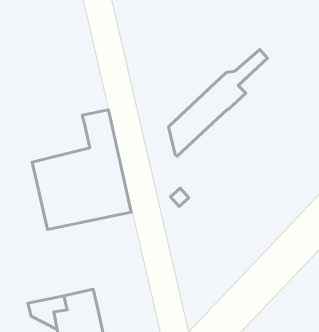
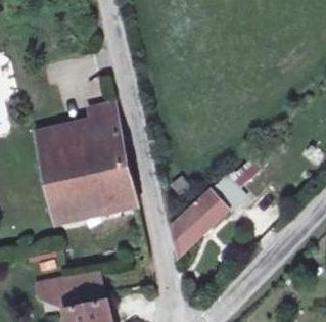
building: [168,50,267,156] -> [171,154,264,255]
building: none -> [36,118,95,153]

